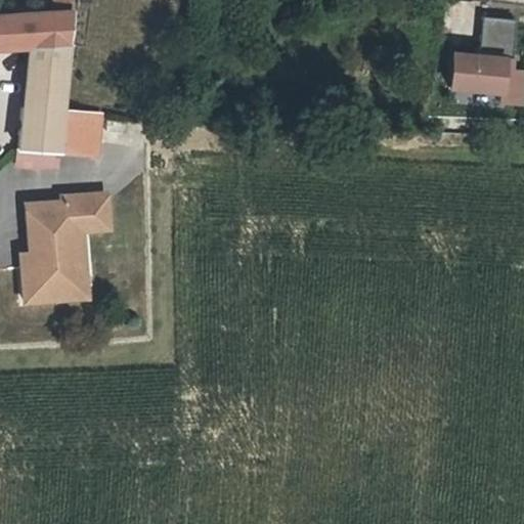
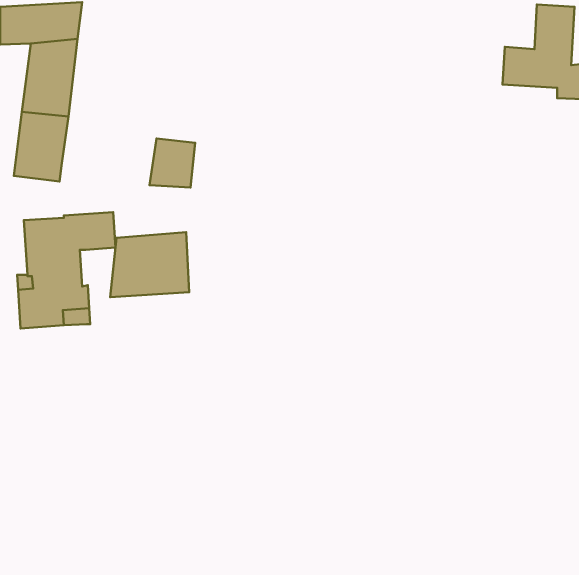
building: [59,112,100,156] -> [150,138,195,187]
building: none -> [110,232,189,297]

